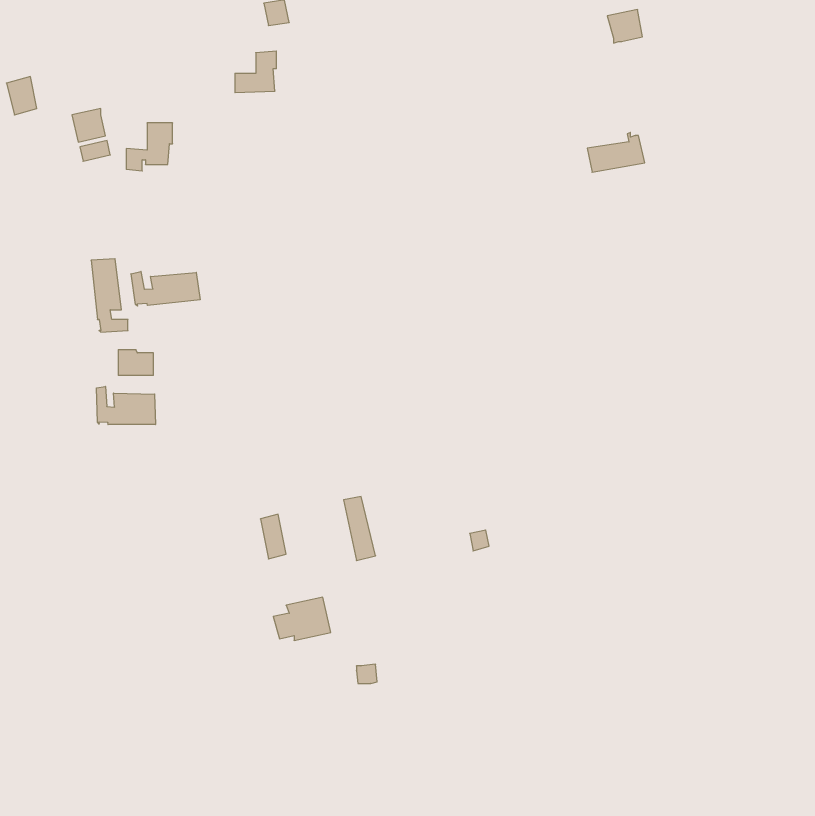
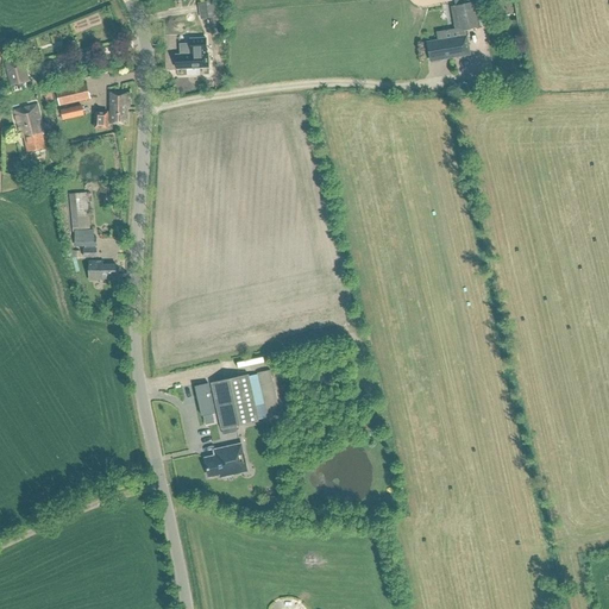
building: [587,132,645,172] -> [425,29,467,58]
building: none -> [13,103,44,151]
building: [131,271,200,306] -> none
building: [97,386,155,425] -> none
building: none -> [209,375,258,435]

